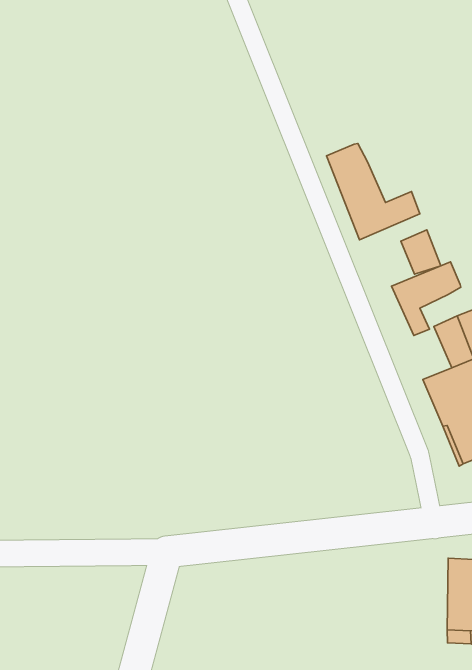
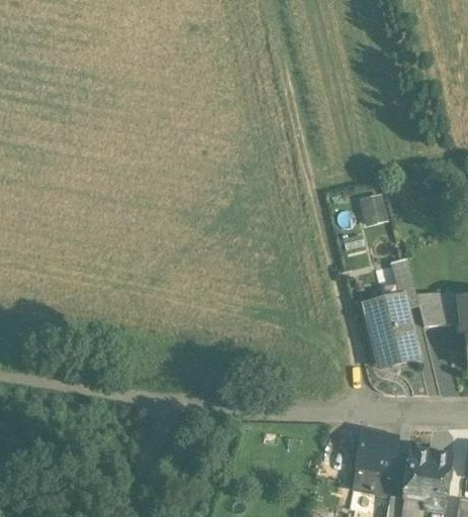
building: [327,143,420,240] -> none
building: [392,262,461,335] -> none

